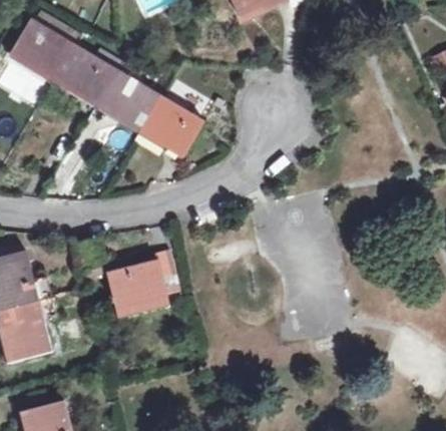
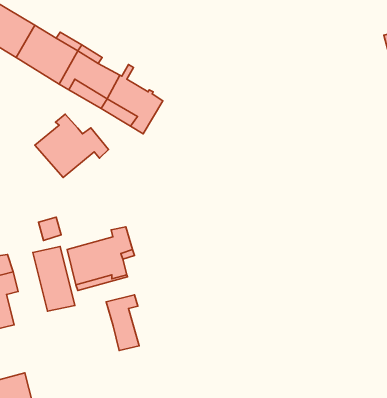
building: none -> [35,114,108,177]
building: none -> [33,247,75,311]
building: none -> [106,295,139,351]

